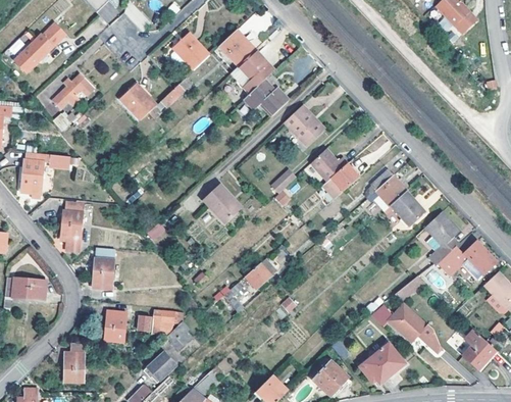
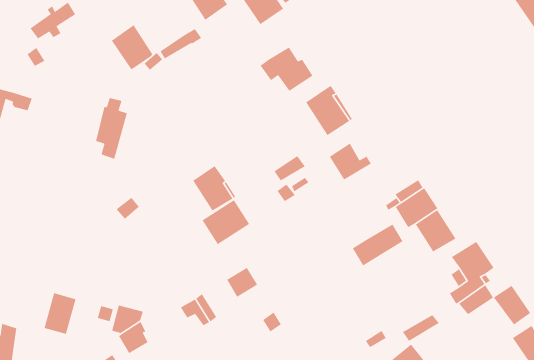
building: [229,50,274,93] -> none
building: [317,163,358,202] -> [352,223,404,266]
building: [60,202,83,252] -> [95,97,128,160]
building: none -> [201,199,250,245]
building: [92,248,114,290] -> none

